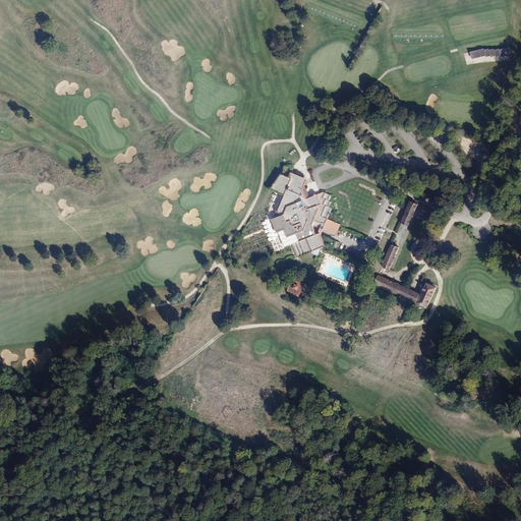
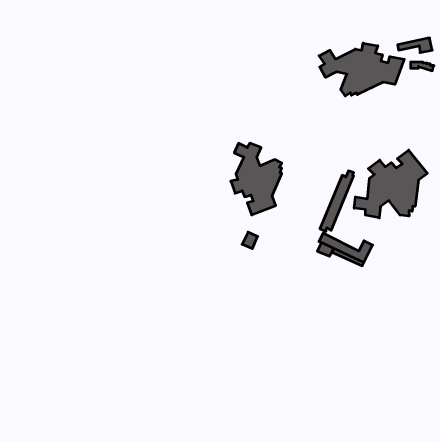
building: none -> [319,43,404,96]
building: none -> [354,150,427,218]

